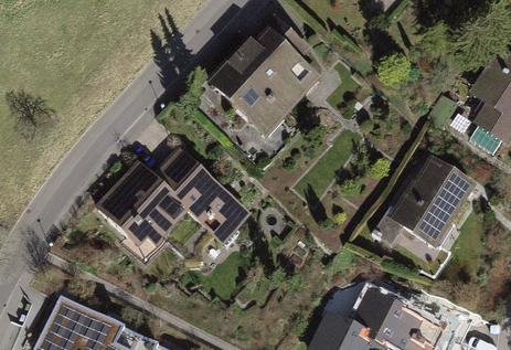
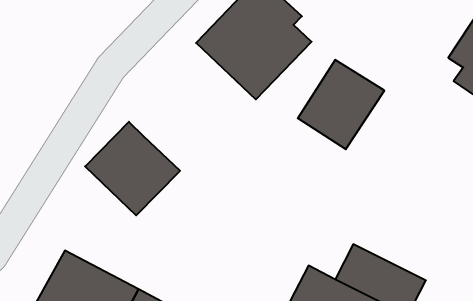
building: [151,148,251,245] -> none
building: [390,156,479,248] -> [298,60,384,149]

